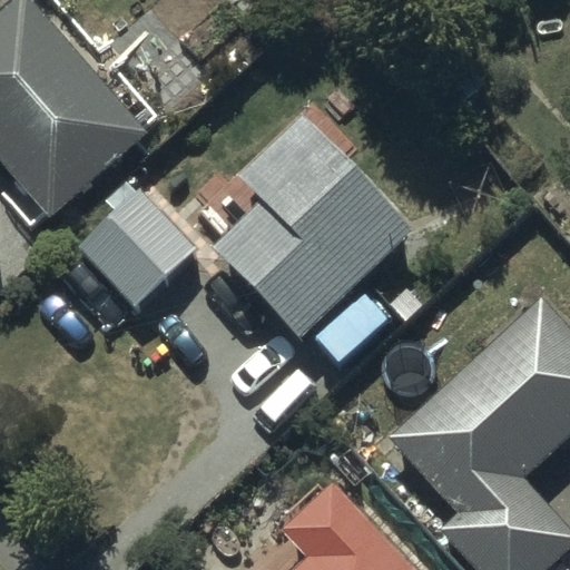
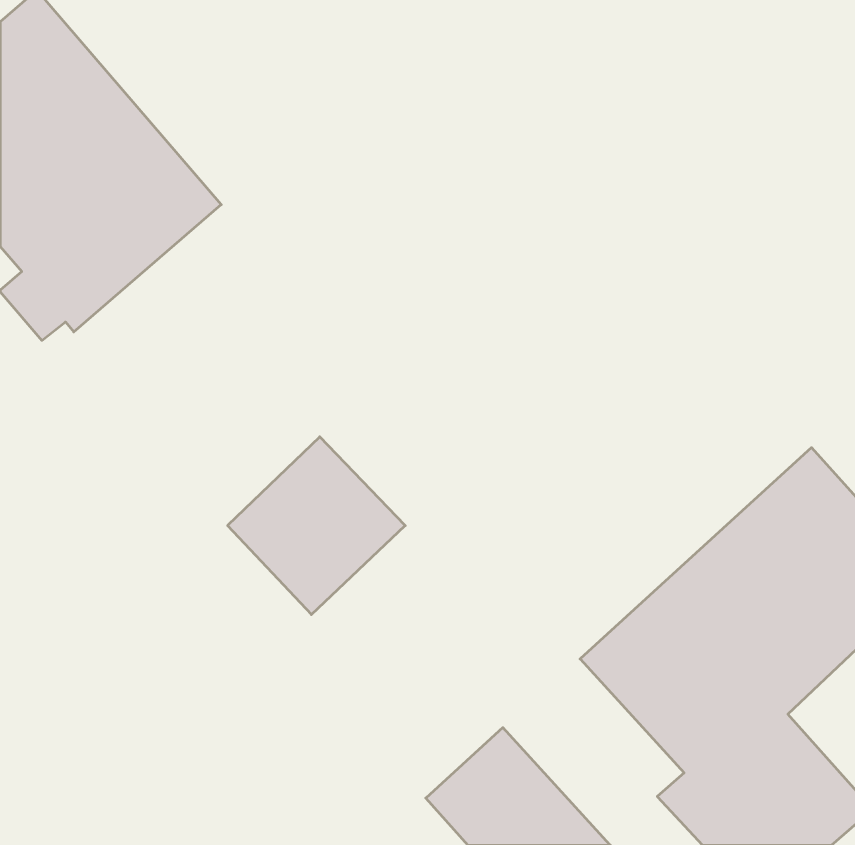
building: [215,118,412,337] -> none
building: [79,188,197,306] -> [228,437,405,615]

